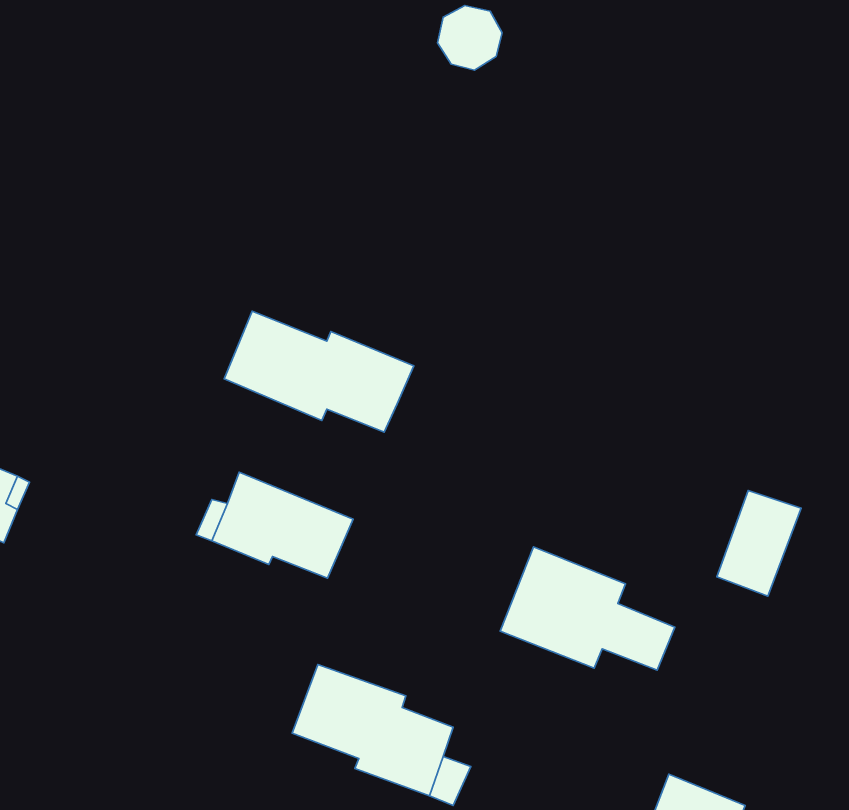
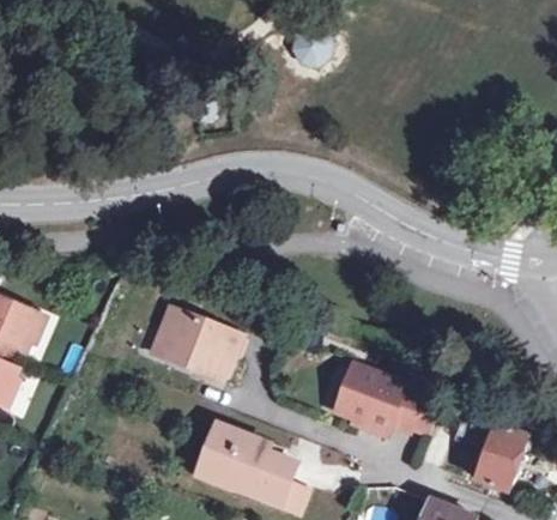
building: [224,311,414,432] -> none
building: [717,490,801,596] -> [479,424,531,489]

